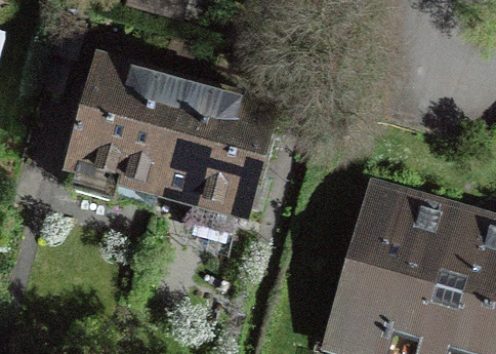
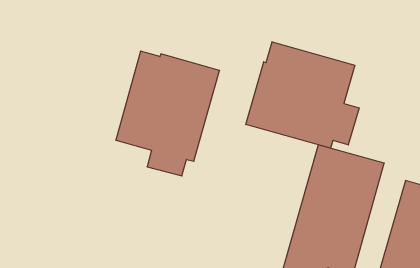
building: [66,51,178,186] -> none
building: none -> [246,42,359,148]

